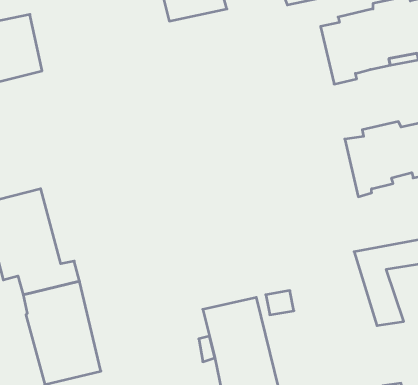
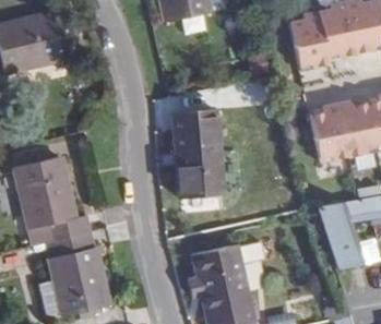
building: none -> [174,110,222,195]

